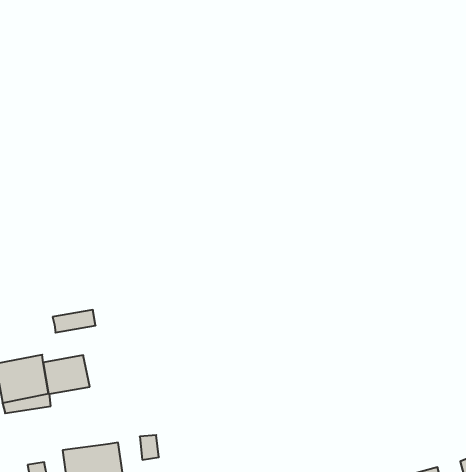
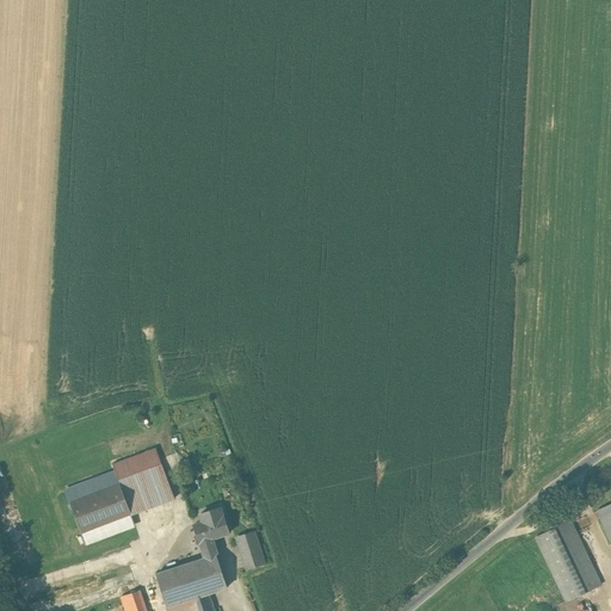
building: [53,310,96,333] -> [112,448,161,480]
building: none -> [193,506,229,557]

